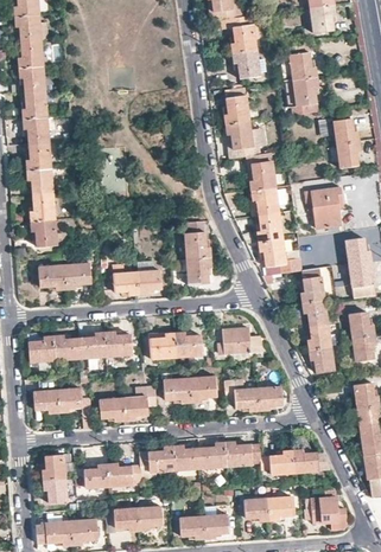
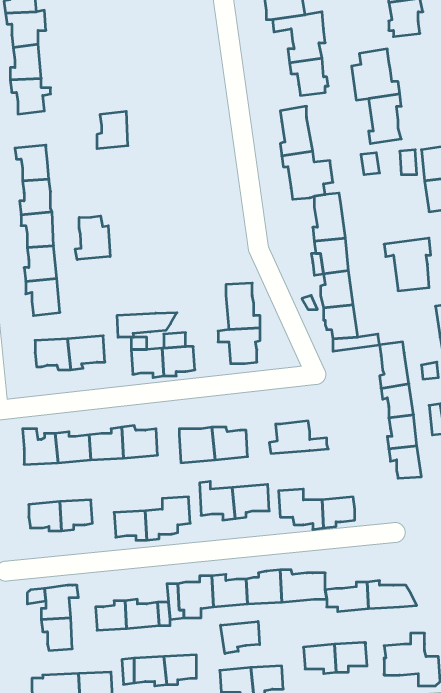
building: [23,91,46,120] -> [97,111,128,149]
building: none -> [75,216,110,260]
building: none -> [117,313,177,337]
building: none -> [221,621,260,654]

